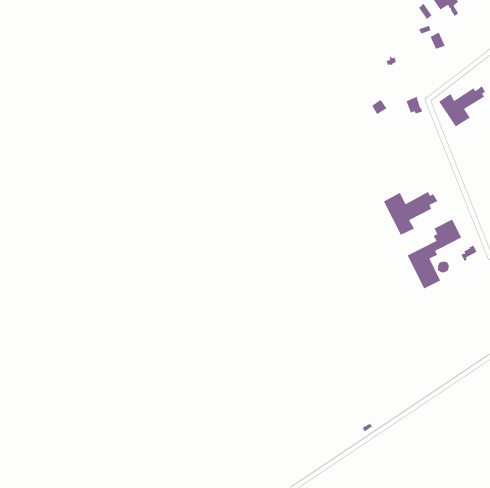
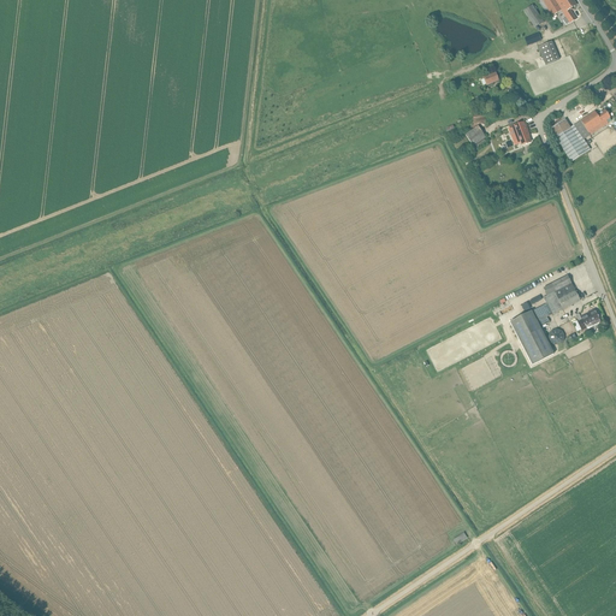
building: [383,191,438,236] -> none

